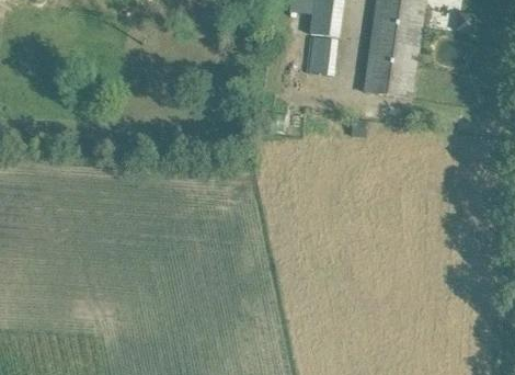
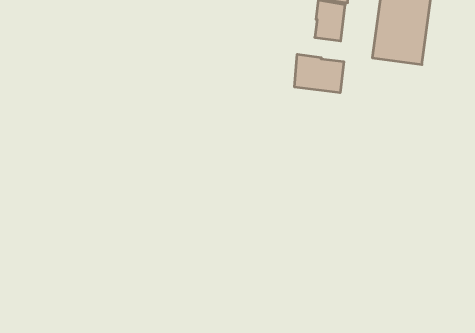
building: none -> [295,54,344,93]

